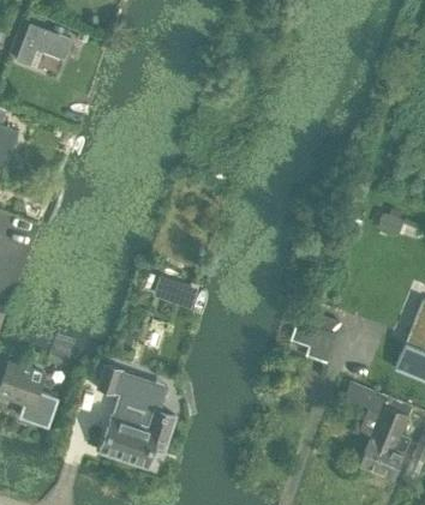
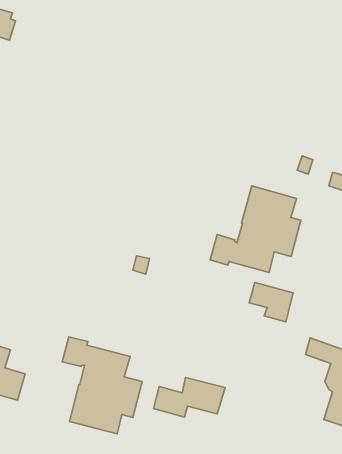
building: none -> [210,186,301,272]
building: none -> [153,377,225,417]

